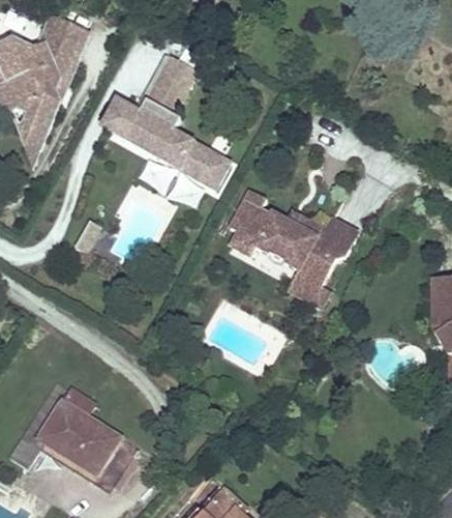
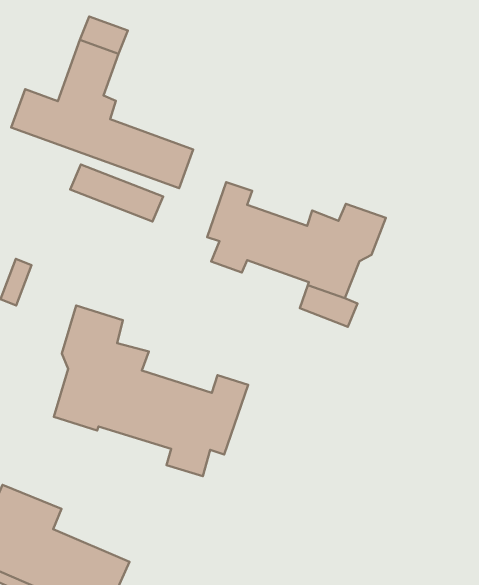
building: none -> [54,305,248,476]

